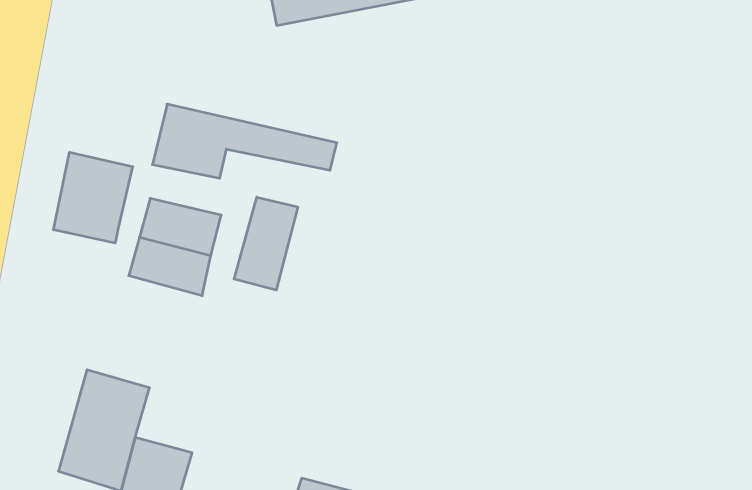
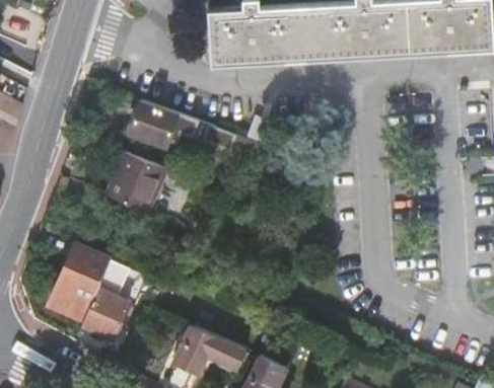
building: [54,152,133,243] -> none
building: [234,197,298,290] -> none

